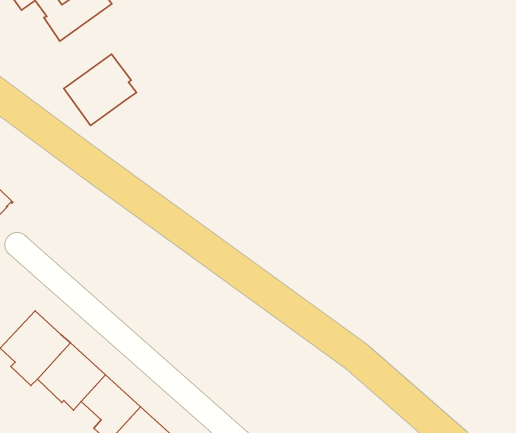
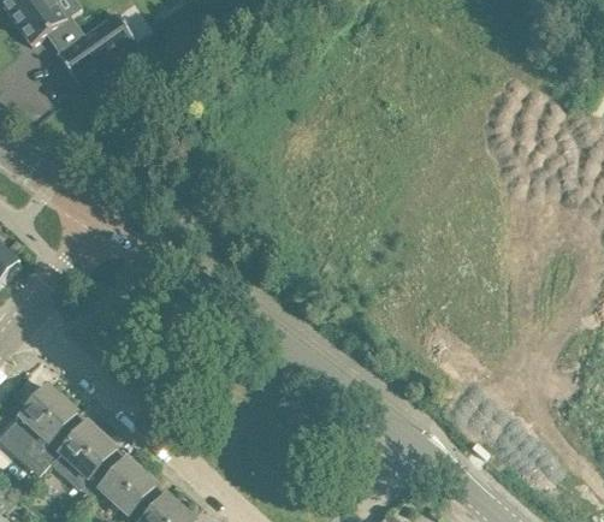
building: [64,54,137,126] -> none

